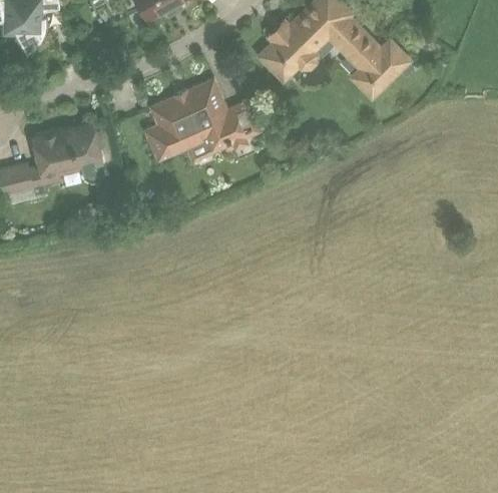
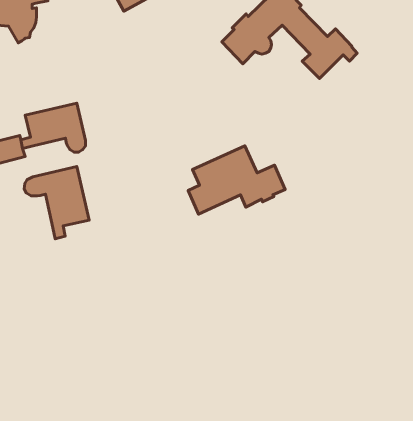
building: [146,79,258,157] -> [188,146,285,214]
building: none -> [24,167,89,239]

